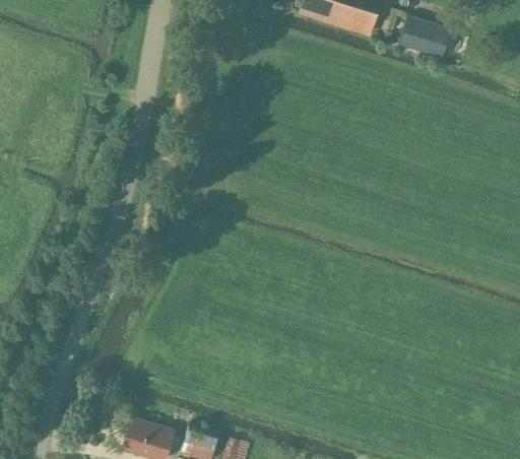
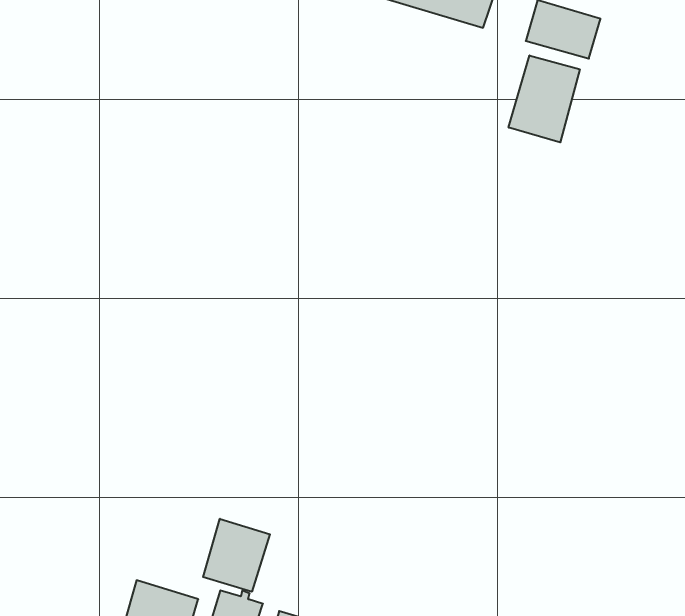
building: none -> [509,55,580,142]
building: none -> [203,519,270,592]

